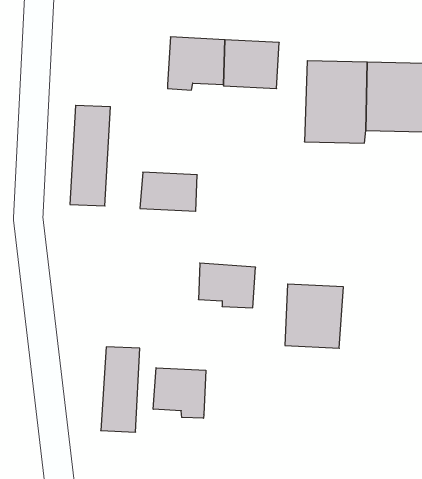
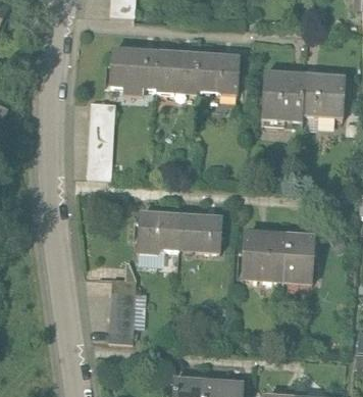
building: none -> [109,49,159,87]
building: [140,172,197,211] -> [139,215,180,244]
building: none -> [282,235,314,281]
building: [153,368,206,418] -> none

